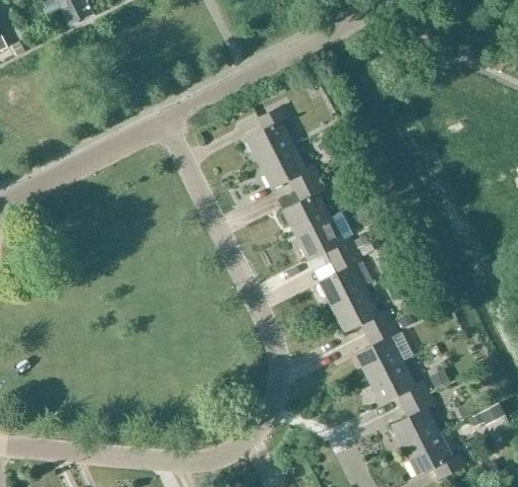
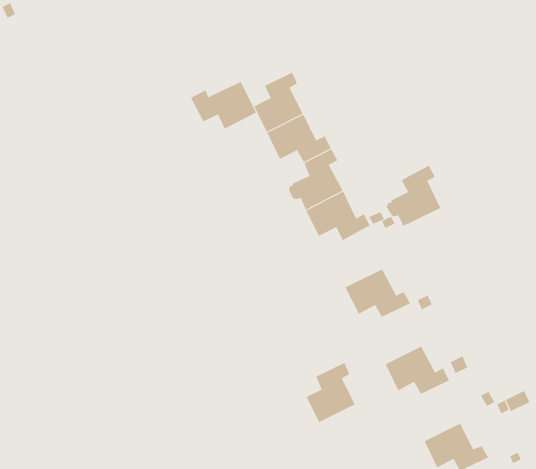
building: none -> [190,81,257,130]
building: [314,249,365,307] -> [386,165,441,227]
building: [355,322,402,379] -> [306,362,356,423]
building: [392,394,438,451] -> none

